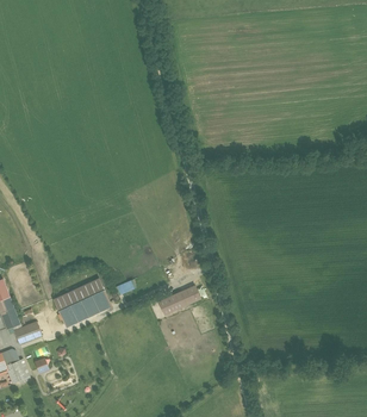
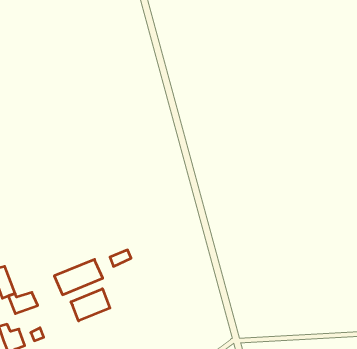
building: [157,284,200,315] -> none
building: none -> [71,289,110,321]

